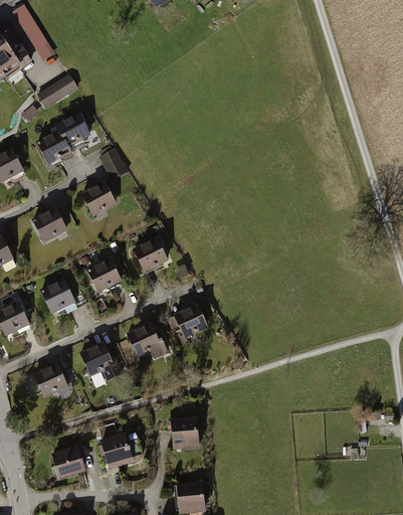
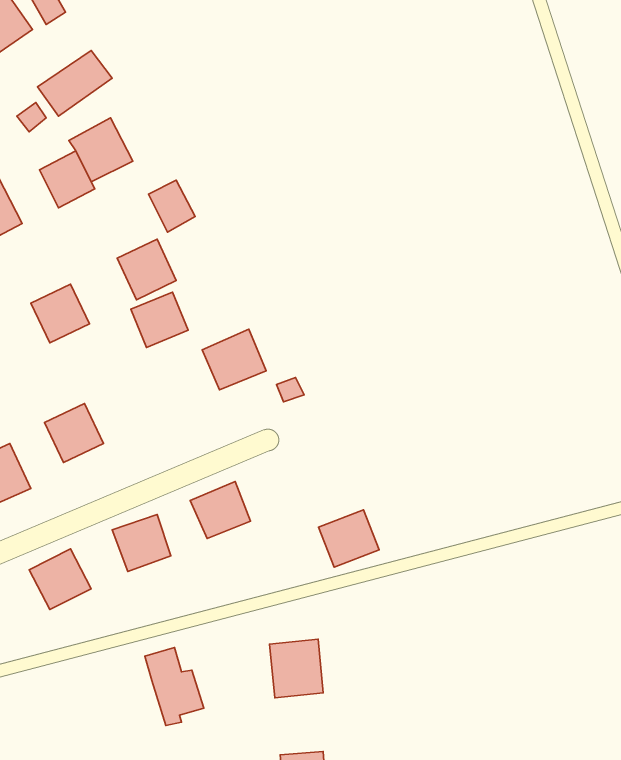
building: [86,260,120,292] -> [131,292,188,347]
building: [173,305,208,338] -> [319,510,379,567]
building: [51,447,84,479] -> none

